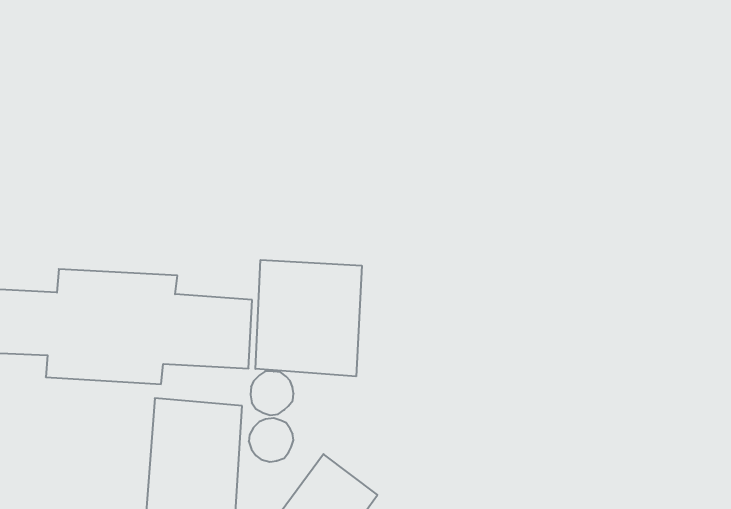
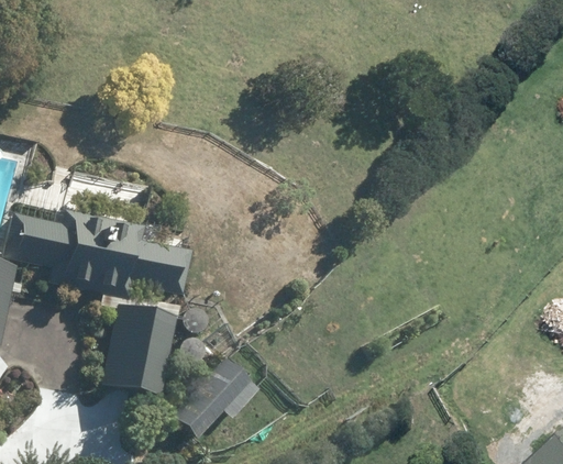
building: [255,260,362,376] -> none

